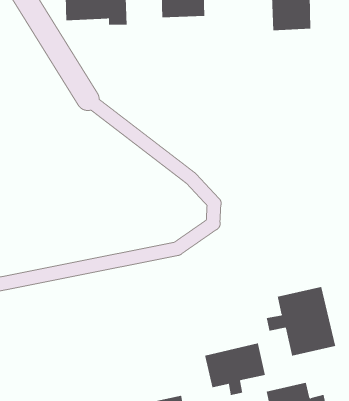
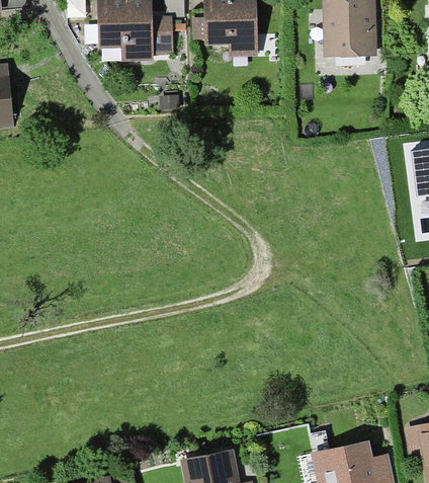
building: [266,286,336,356] -> none
building: [205,343,266,396] -> none

